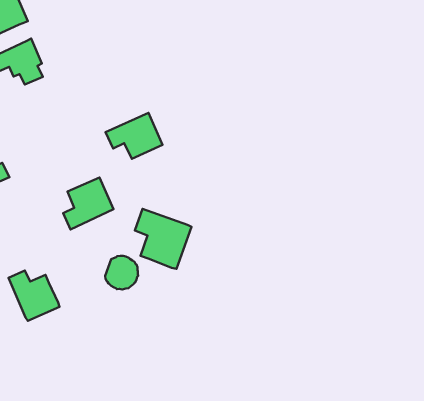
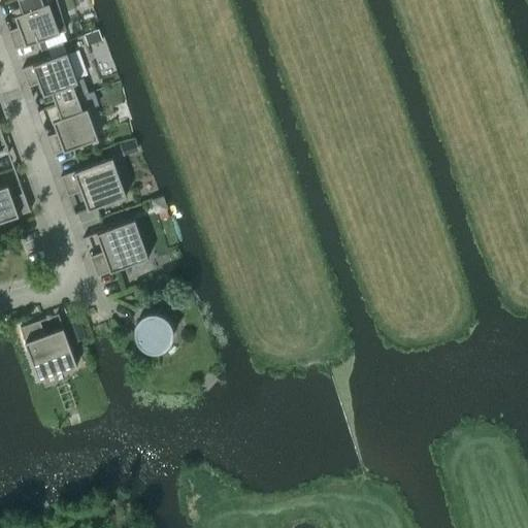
building: none -> [46,98,98,156]
building: [106,113,163,159] -> [61,159,126,210]
building: [135,209,191,269] -> none

